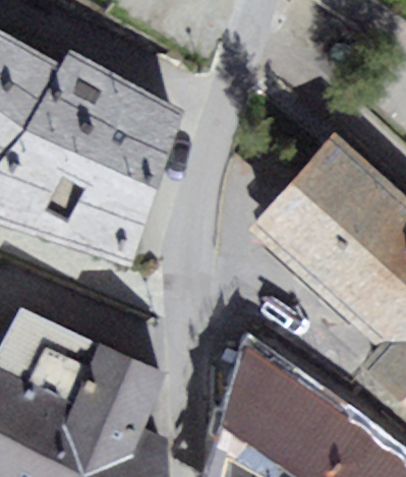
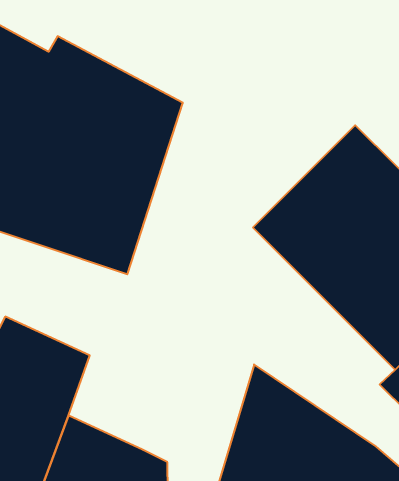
building: [78,341,167,427] -> none

